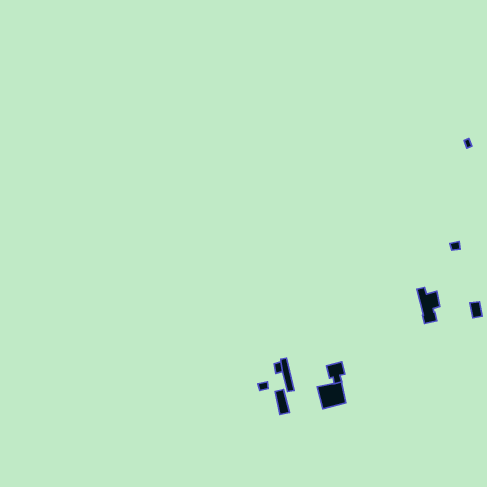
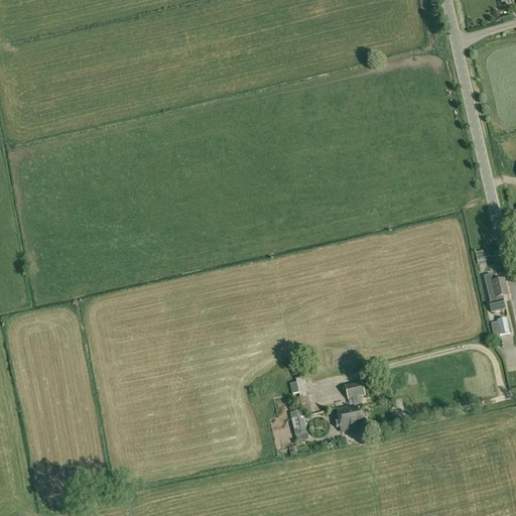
building: [417,287,440,324] -> [483,274,507,312]

